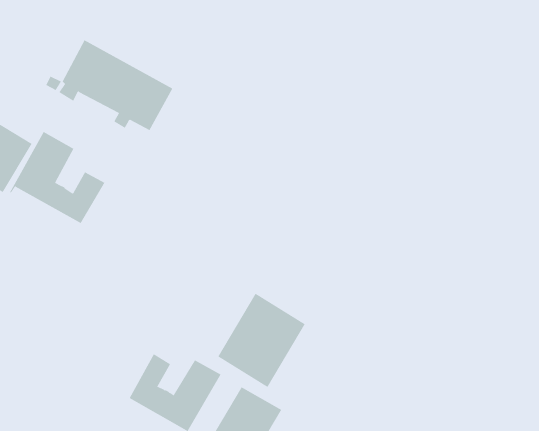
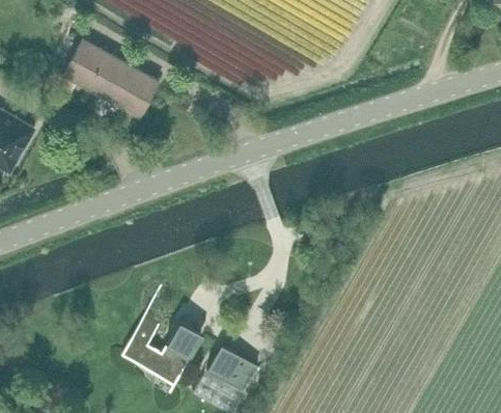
building: [9,131,105,224] -> none
building: [217,293,305,388] -> none

